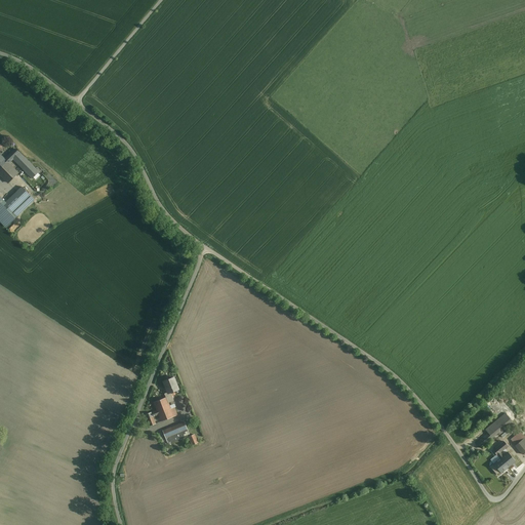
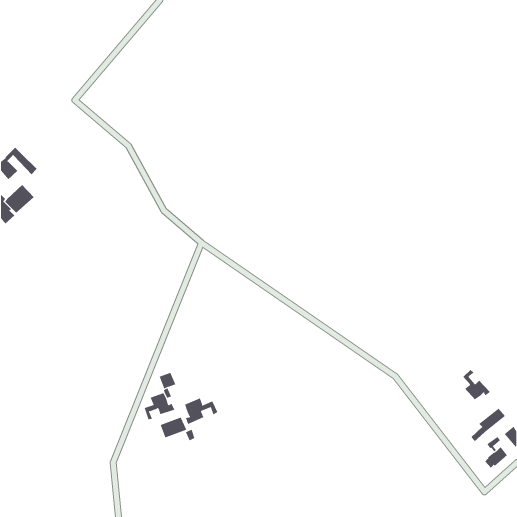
building: none -> [463,369,491,400]
building: none -> [185,398,218,425]

